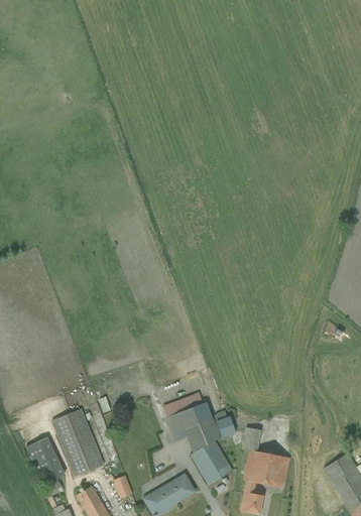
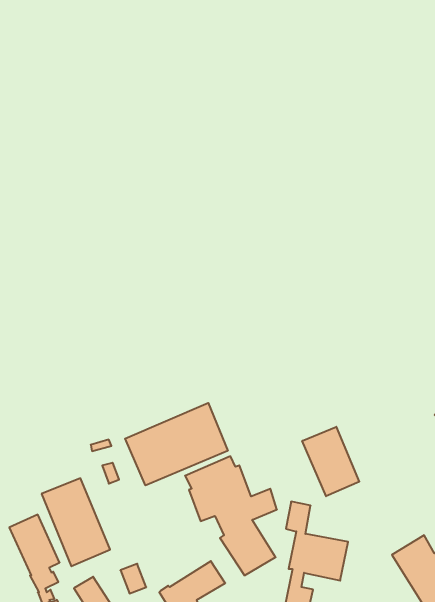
building: none -> [125,403,228,485]
building: none -> [302,427,359,496]

